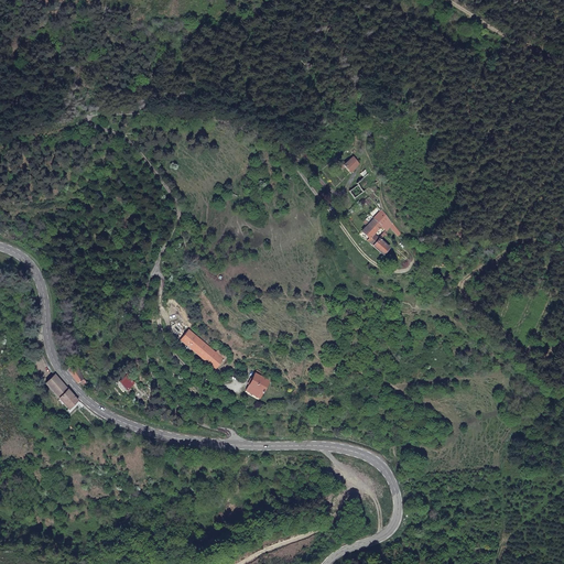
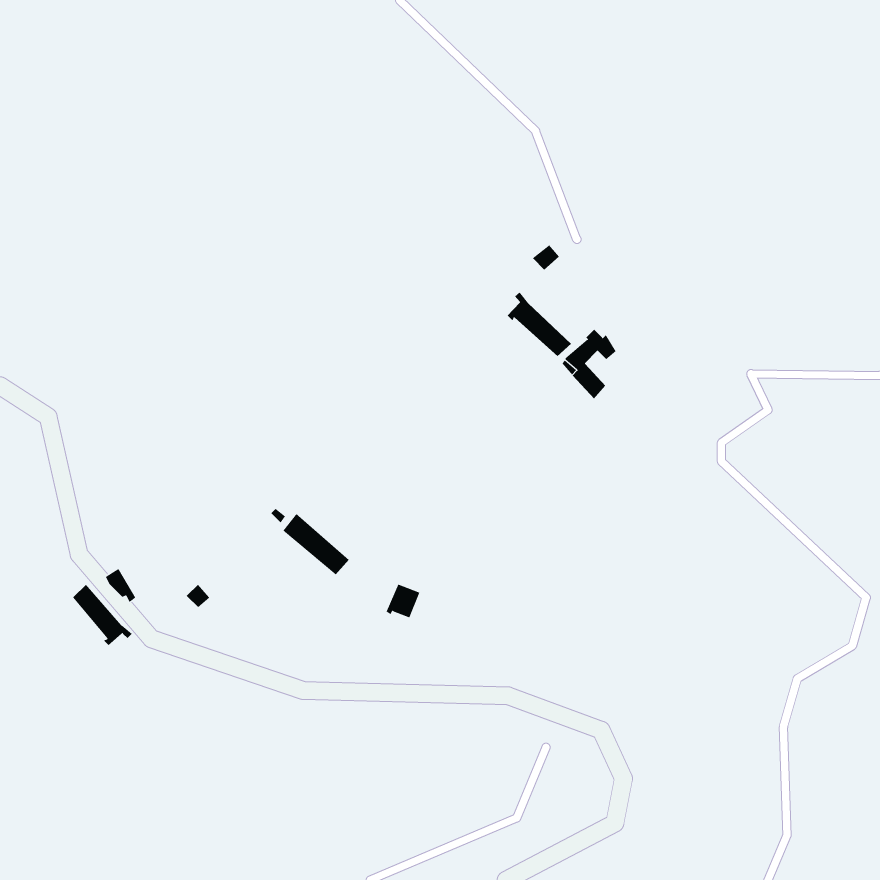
building: none -> [507,291,572,357]

